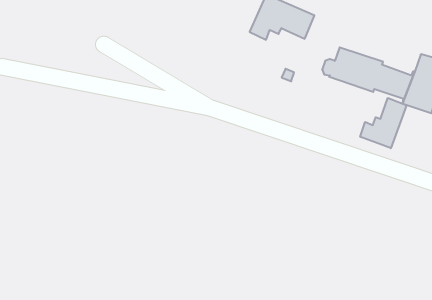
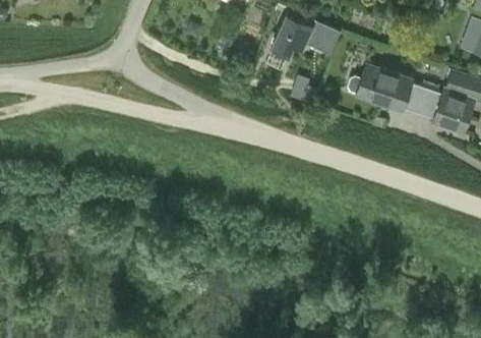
building: [360,98,407,148] -> none

